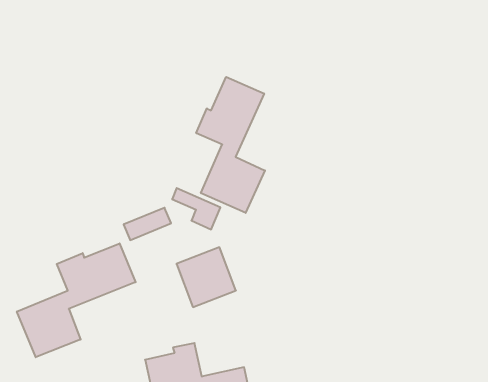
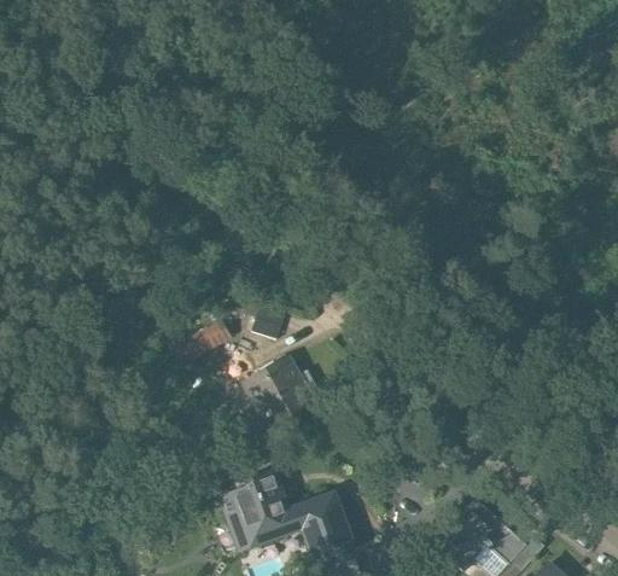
building: [196,77,265,213] -> none
building: [17,243,136,357] -> none

